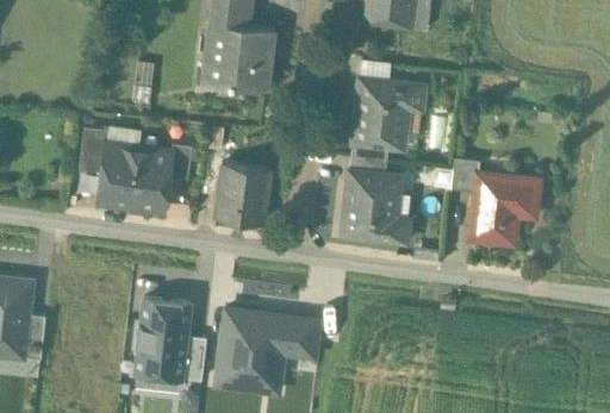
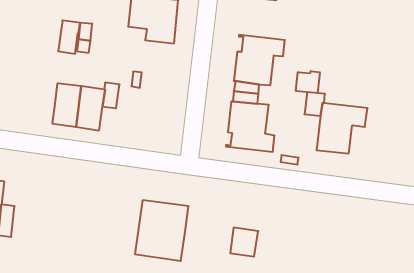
building: [77,129,108,175] -> [58,20,80,54]
building: none -> [296,71,320,93]
building: [214,165,269,224] -> none
building: [133,296,192,377] -> none
building: [284,318,323,358] -> [230,228,258,257]

